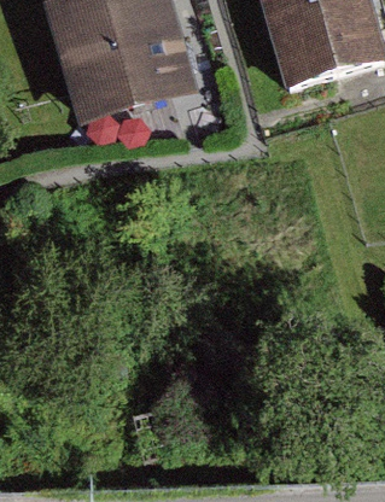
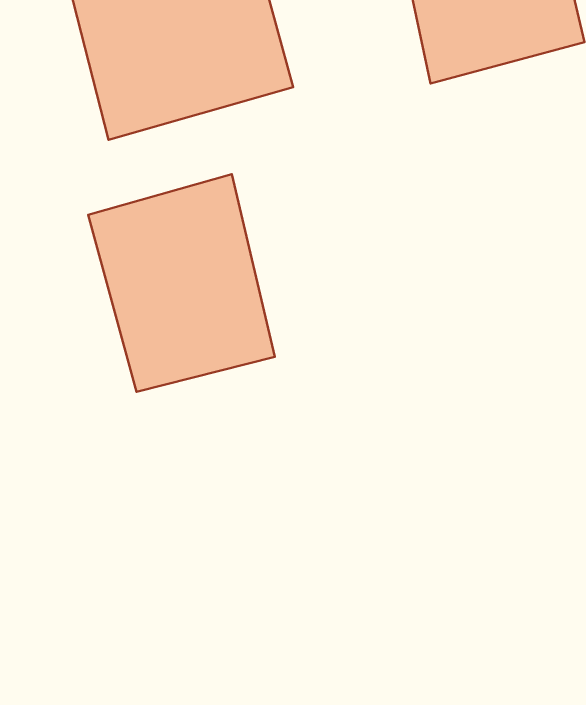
building: none -> [88,174,275,392]

